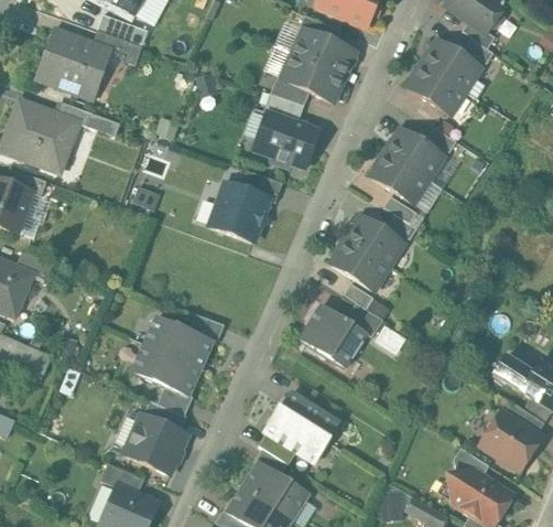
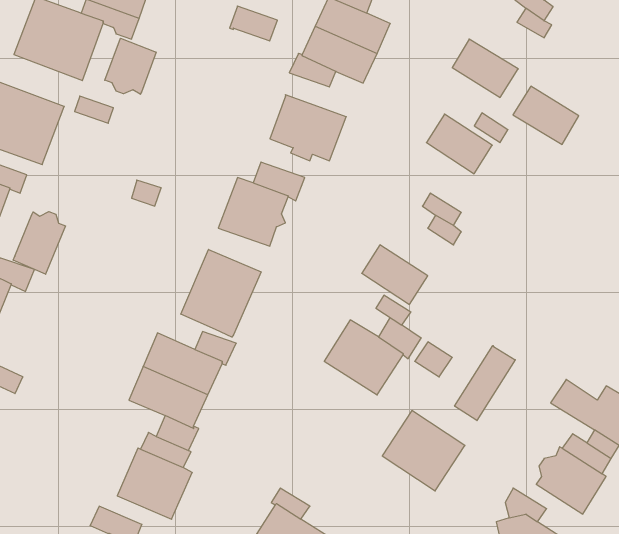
building: [423,41,479,90] -> [513,86,579,144]
building: none -> [105,38,156,94]
building: [263,94,304,123] -> [230,6,277,41]
building: [371,153,427,204] -> none
building: none -> [13,212,65,274]
building: [347,216,403,267] -> none
building: none -> [181,249,261,337]
building: none -> [455,346,515,421]
building: [268,392,338,461] -> [382,411,465,491]

